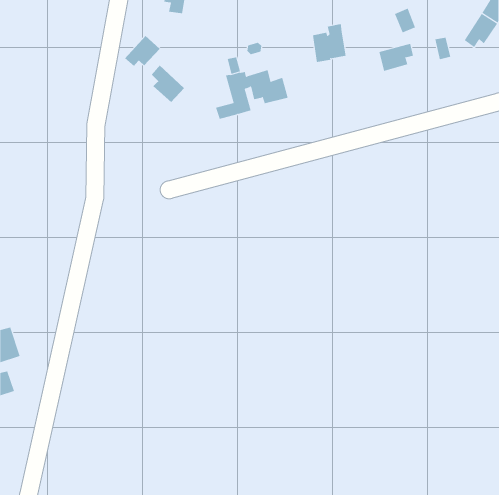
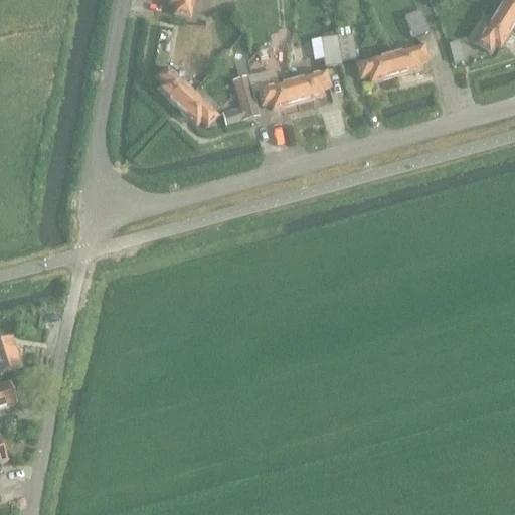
building: [124,35,161,67] -> none
building: none -> [355,53,394,80]
building: none -> [291,70,328,101]
building: none -> [176,91,215,125]

